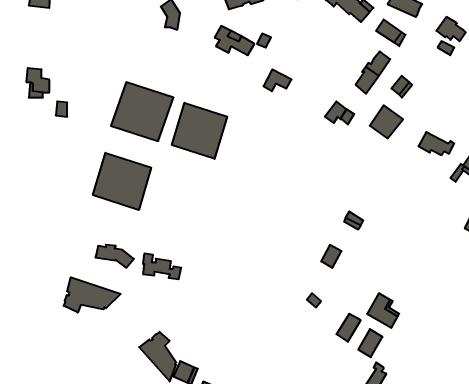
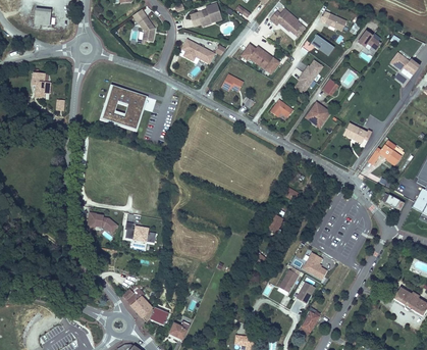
building: none -> [242,43,279,72]
building: [172,103,227,159] -> none
building: [93,153,151,210] -> none
building: [64,277,121,313] -> none

